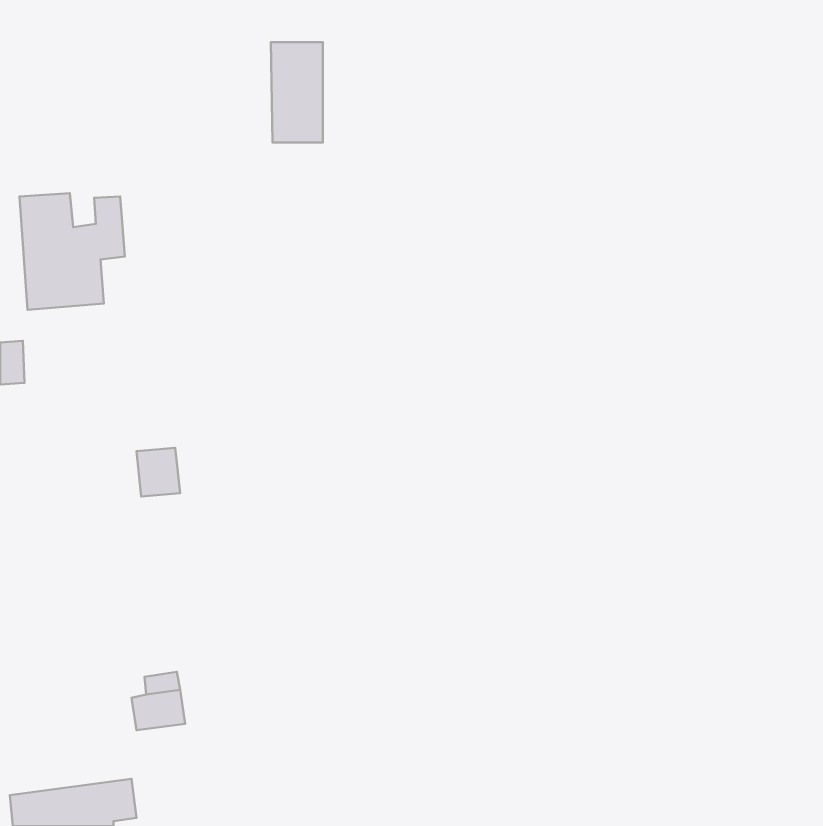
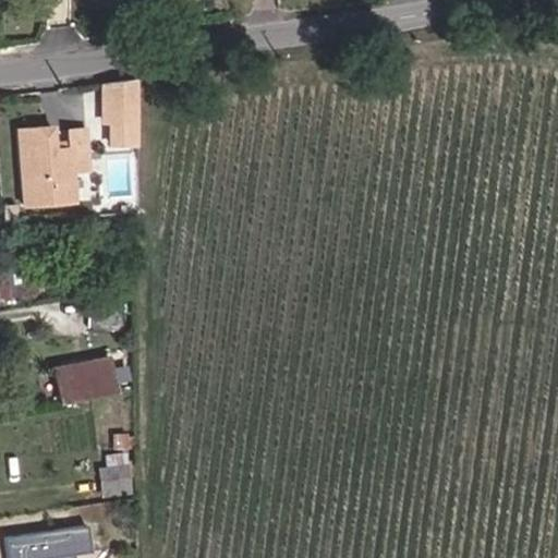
building: [271,42,323,143] -> [111,77,146,145]
building: none -> [50,362,111,408]

